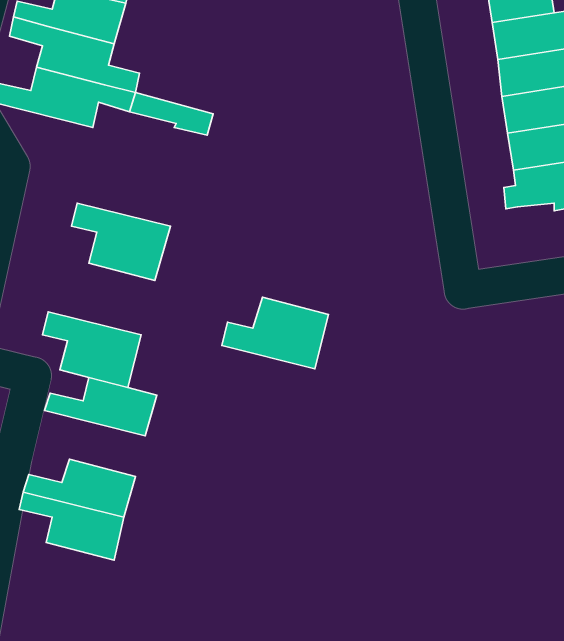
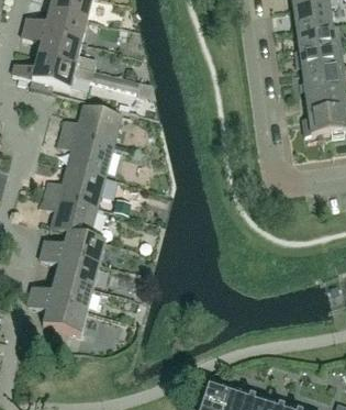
building: none -> [62,104,122,145]
building: [222,297,328,369] -> [45,166,105,207]
building: none -> [41,250,100,287]

